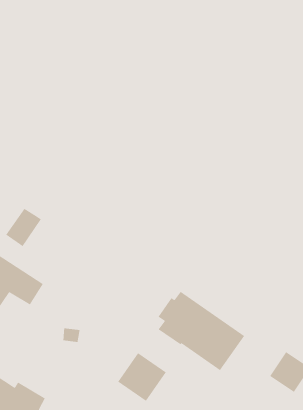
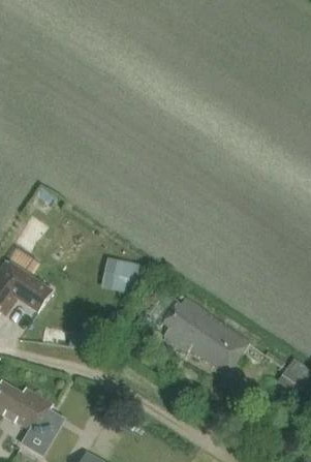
building: none -> [102,257,145,298]
building: [117,352,167,402] -> none

